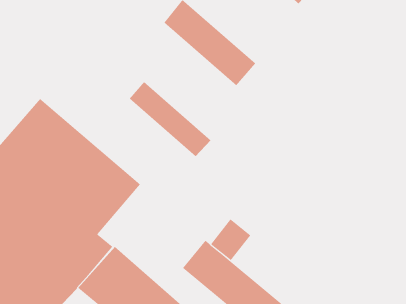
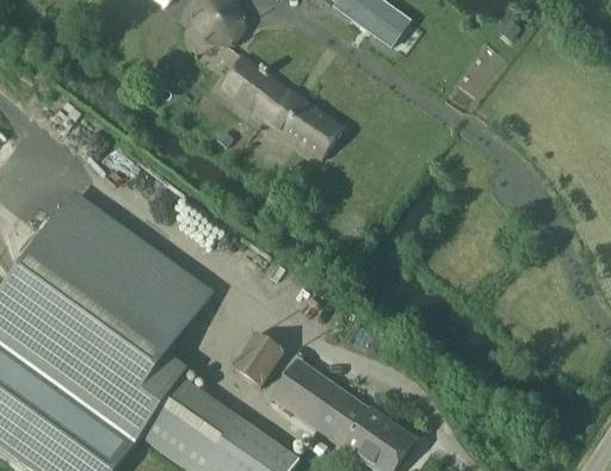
building: [129,81,212,157] -> none
building: [210,219,251,261] -> [232,333,283,386]

